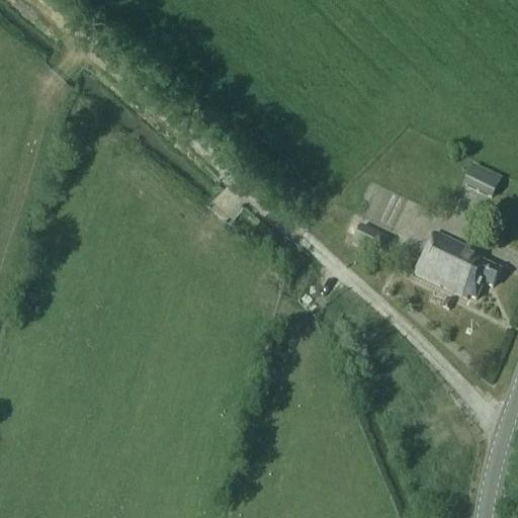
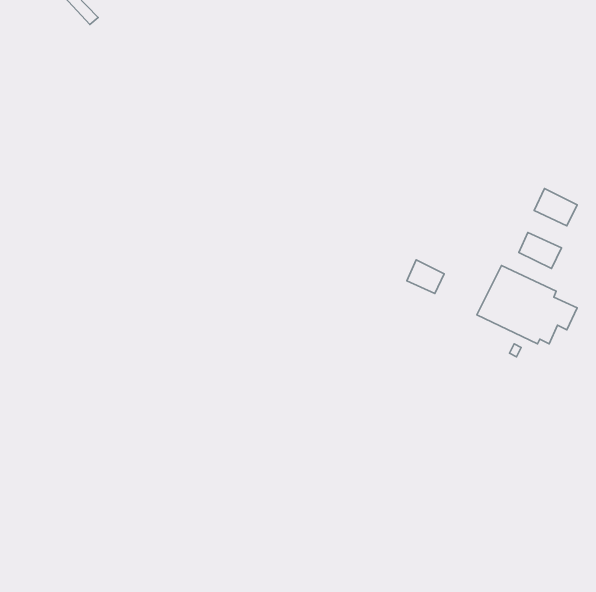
building: none -> [519,233,561,268]

